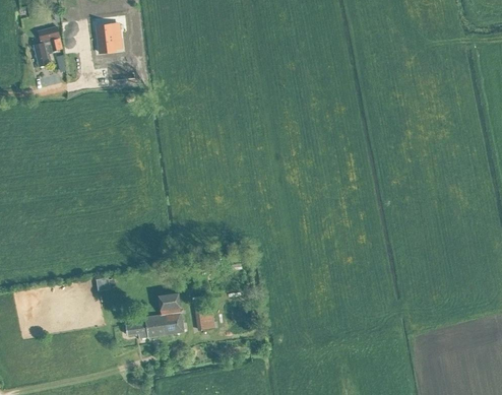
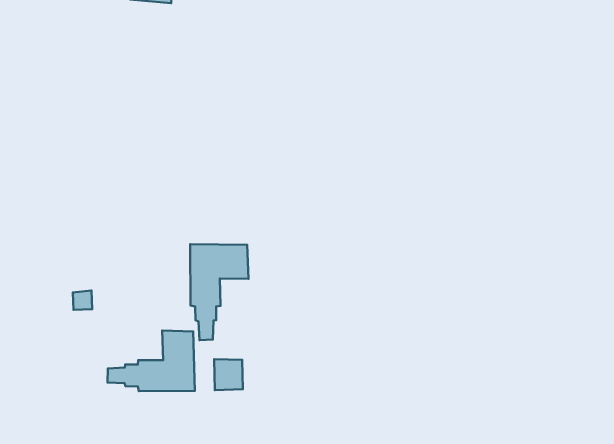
building: none -> [190,244,248,340]

